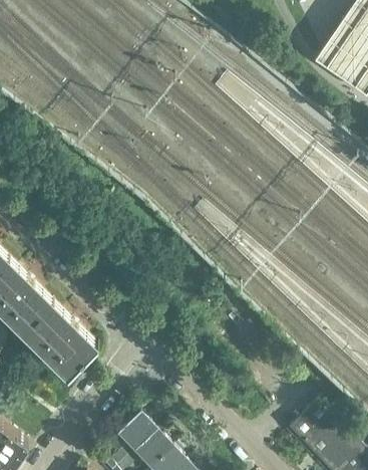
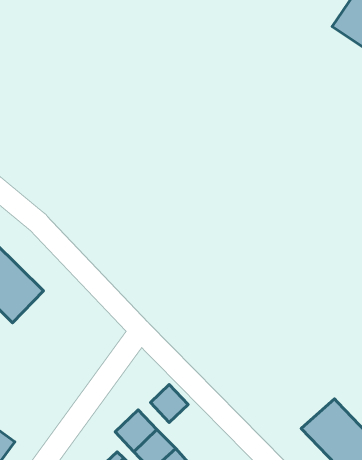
building: [25,306,98,379] -> none
building: none -> [150,385,188,423]

